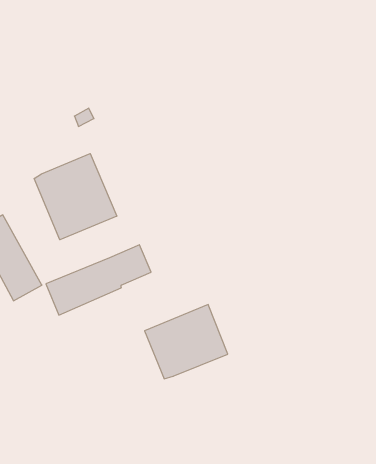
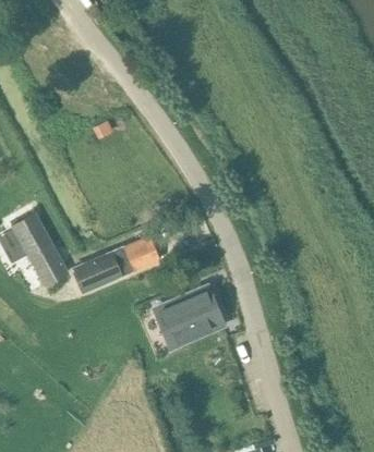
building: [34,154,117,240] -> none

